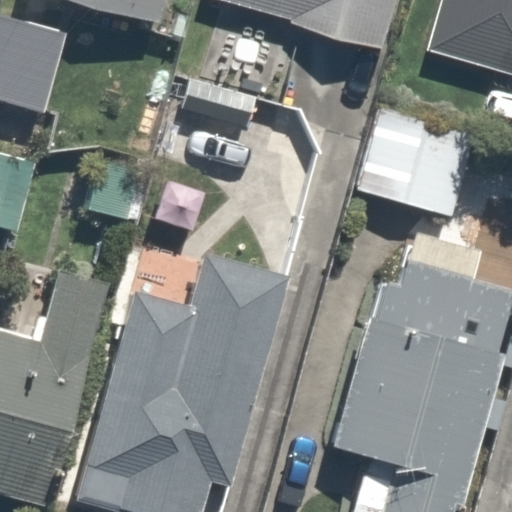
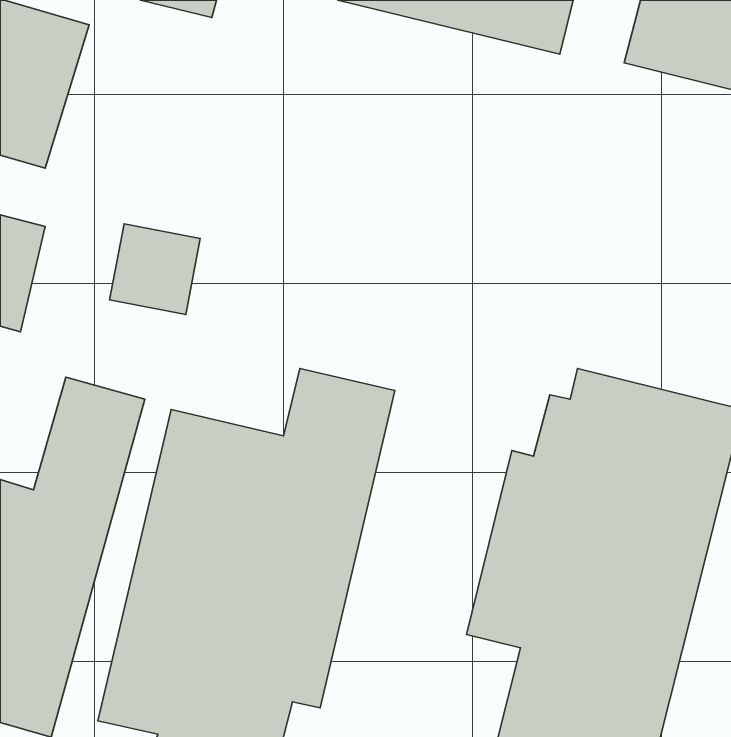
building: [351,111,475,217] -> none

